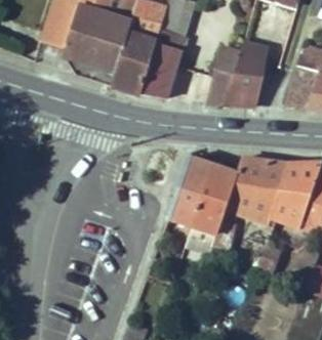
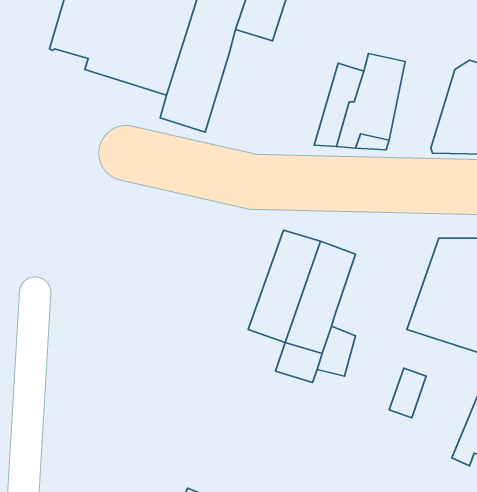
building: [140,28,187,96] -> none
building: [224,156,290,225] -> none

